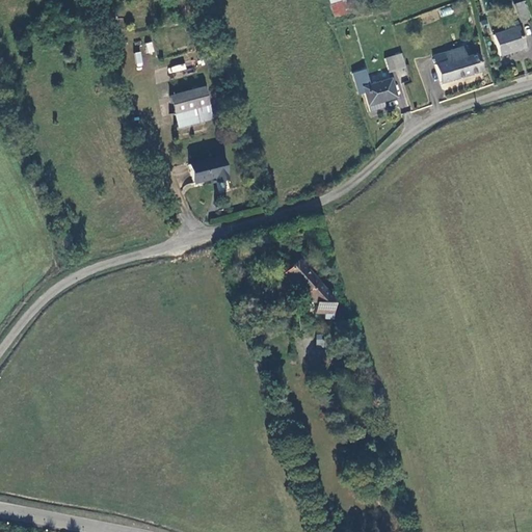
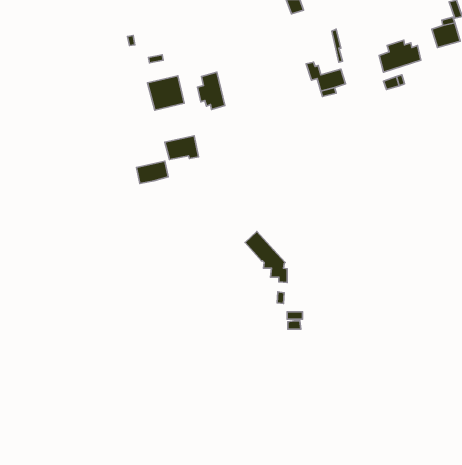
building: none -> [197,72,225,110]
building: none -> [136,161,168,184]

